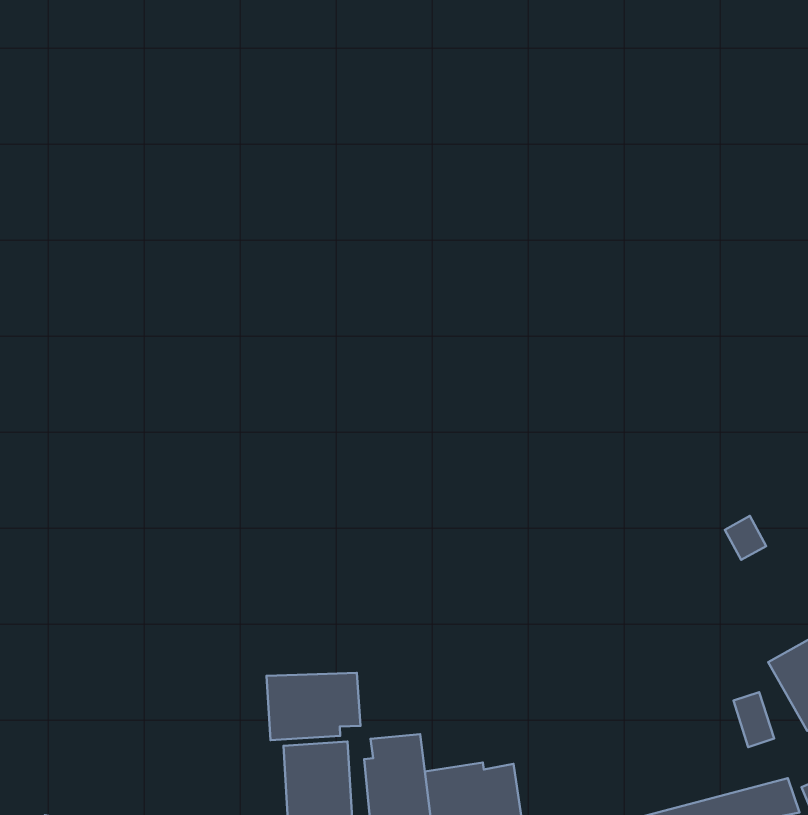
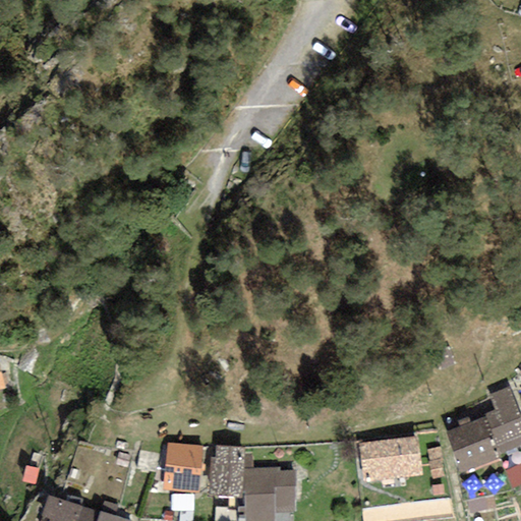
building: [266,673,361,740] -> none
building: none -> [362,436,423,482]

